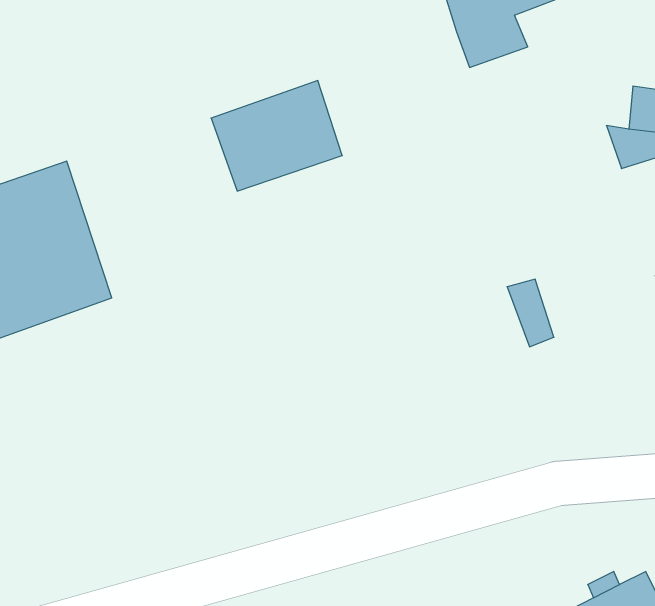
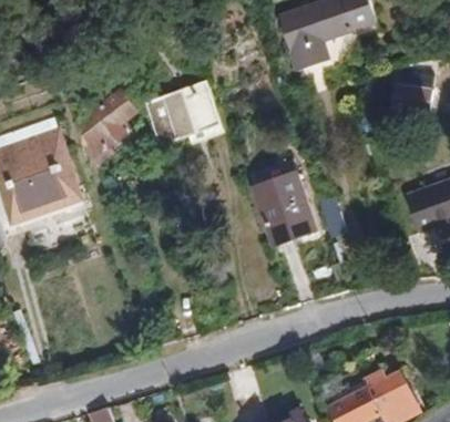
building: none -> [78,88,137,158]
building: none -> [252,169,317,243]

